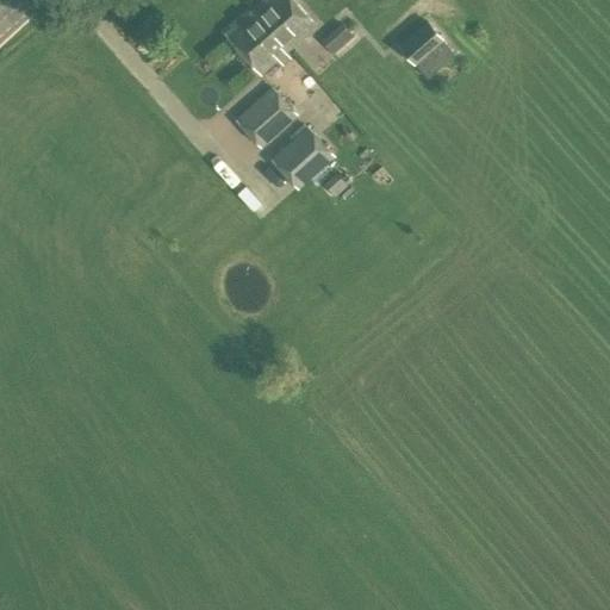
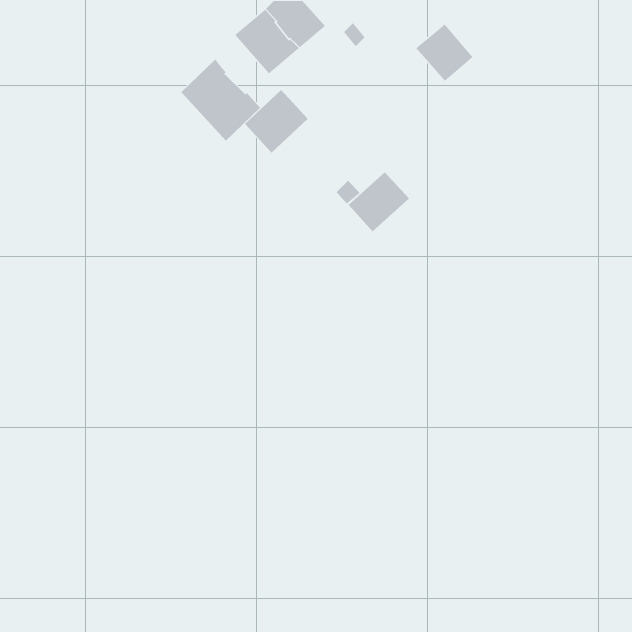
building: none -> [180,59,261,141]
building: [273,130,332,188] -> [348,171,410,232]

